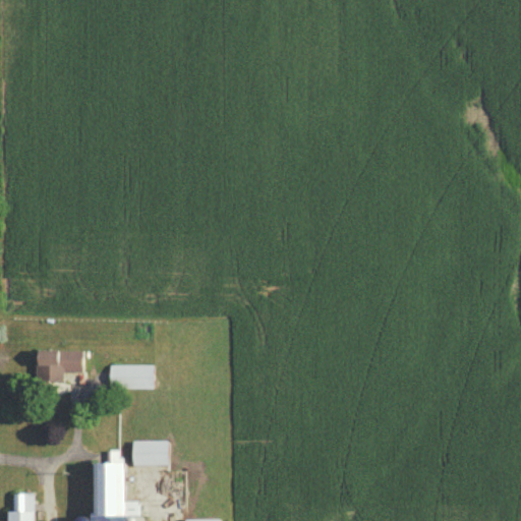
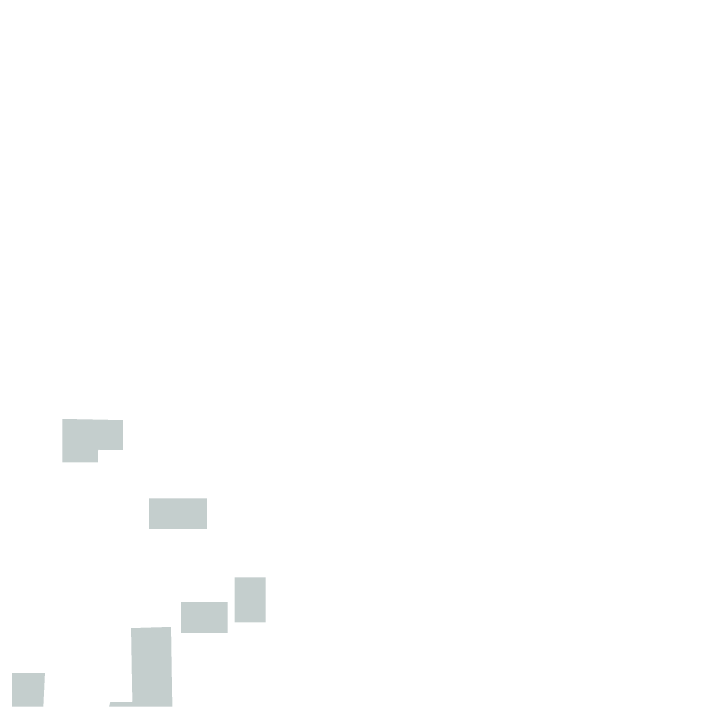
building: [36,350,81,383] -> [61,418,124,463]
building: none -> [234,576,266,623]

